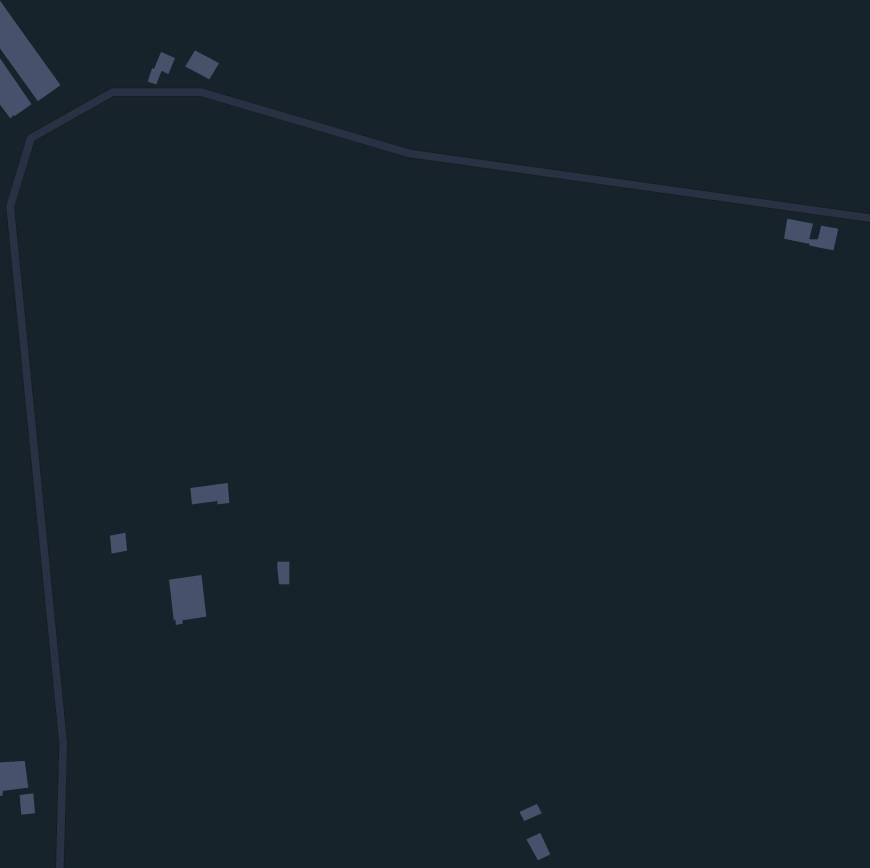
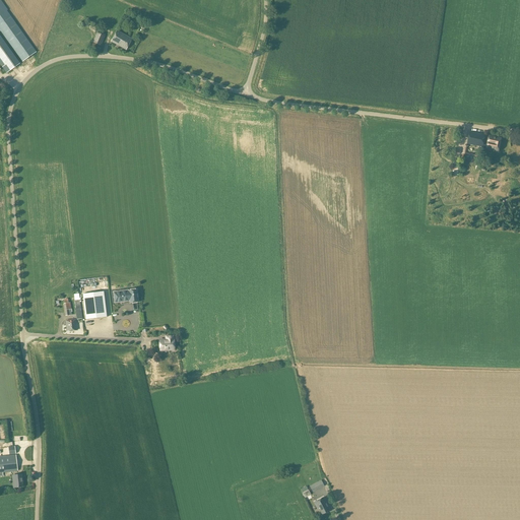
building: [168,574,207,626] -> [82,289,106,320]

